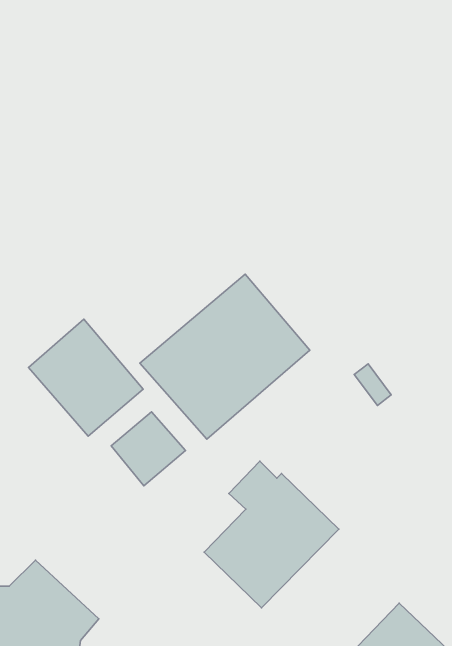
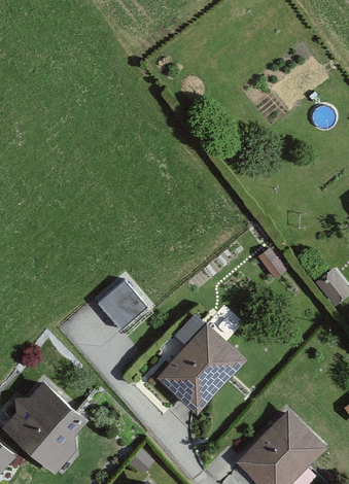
building: [140,274,310,439] -> none
building: [29,319,143,436] -> none

